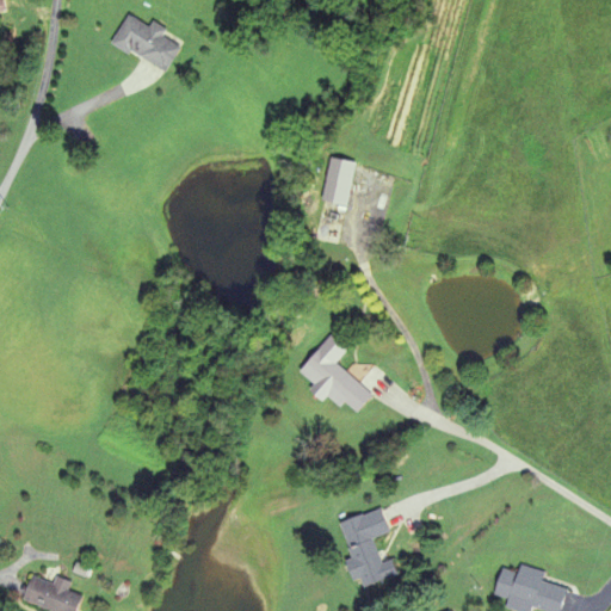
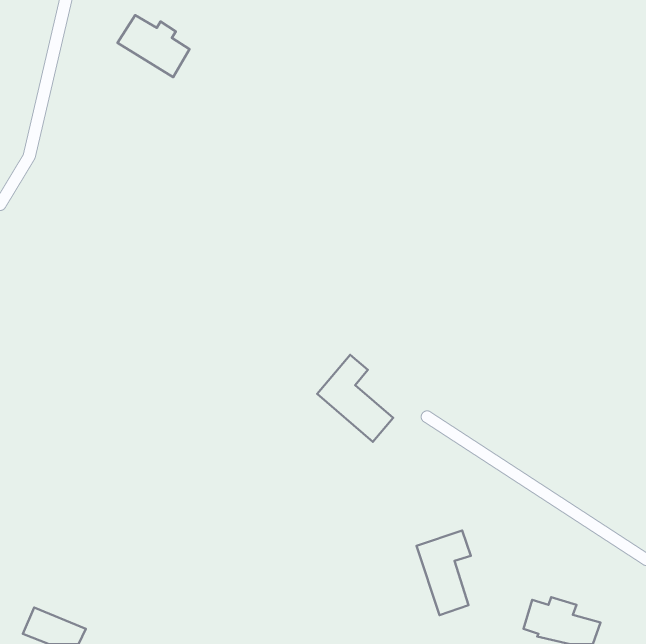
building: [321,156,356,205] -> none
building: [338,508,389,588] -> [417,531,471,615]

